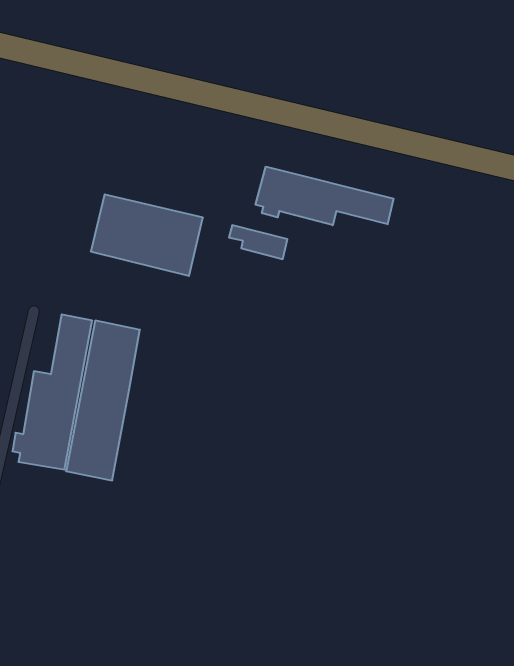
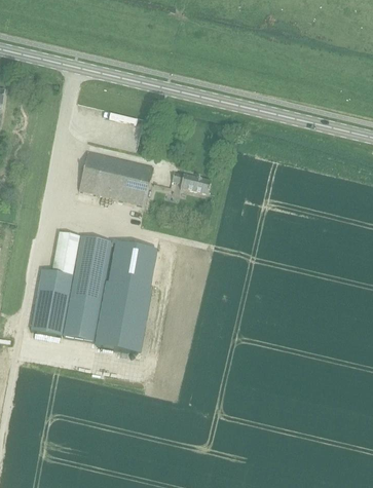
building: [256,167,394,225] -> none
building: none -> [97,241,157,352]

